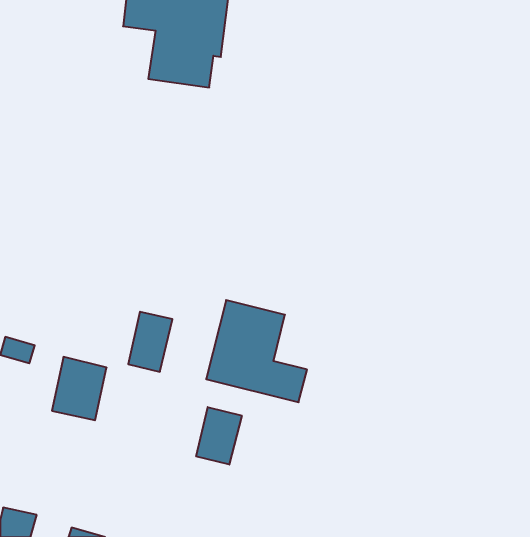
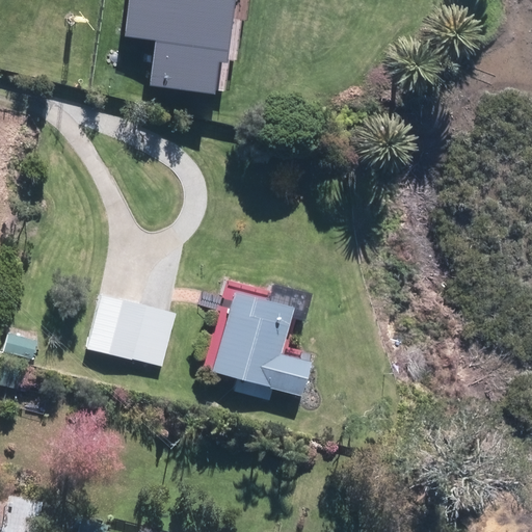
building: [52,357,107,420] -> [91,297,145,360]
building: [196,407,242,465] -> none

